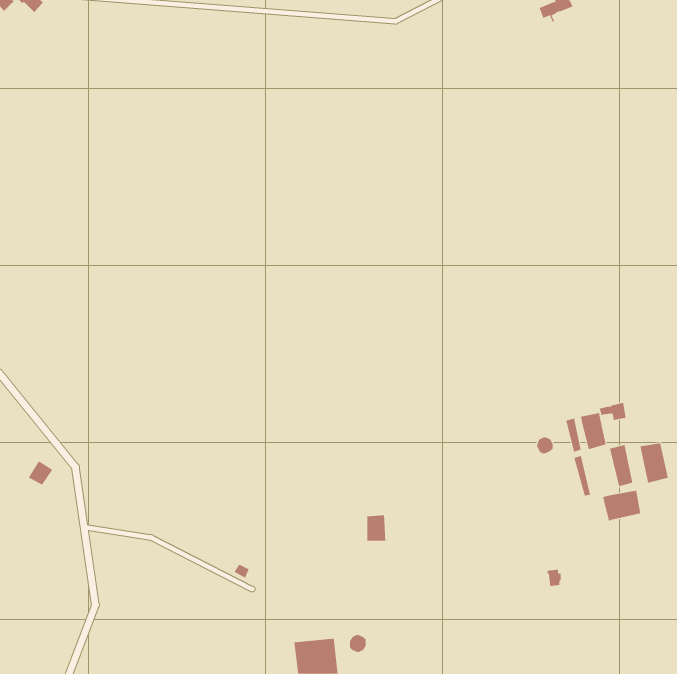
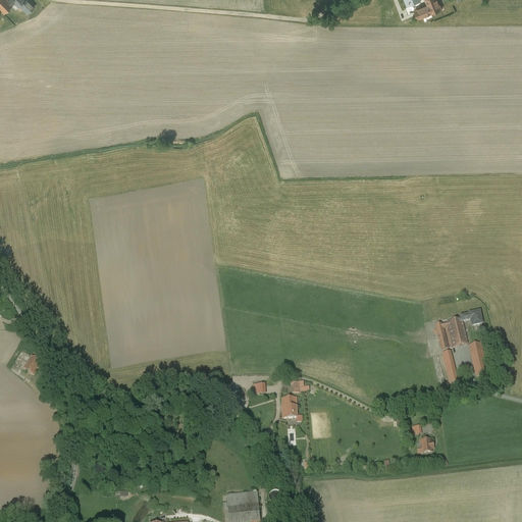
building: [640,443,669,483] -> none
building: [602,490,641,522] -> none

